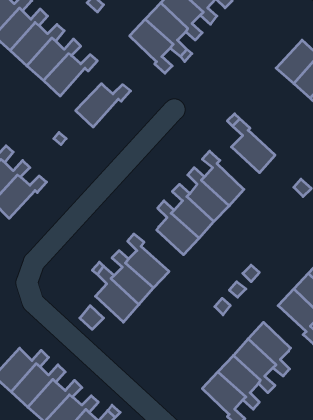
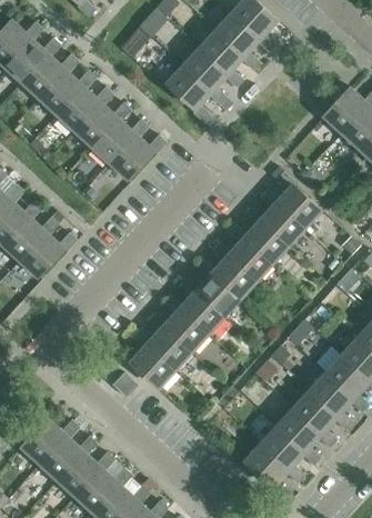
building: none -> [91,118,149,163]
building: none -> [259,189,304,248]
building: none -> [178,278,223,336]
building: none -> [309,372,354,430]

